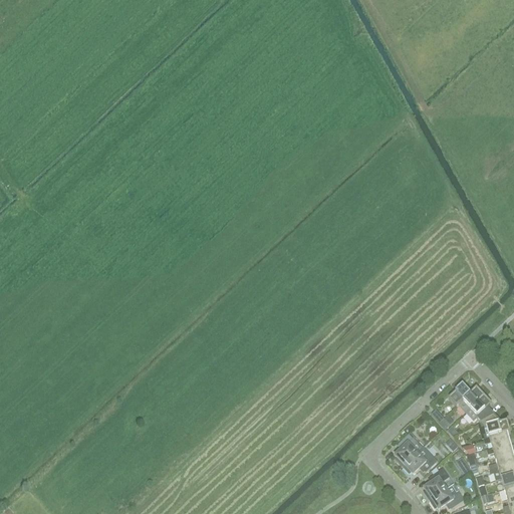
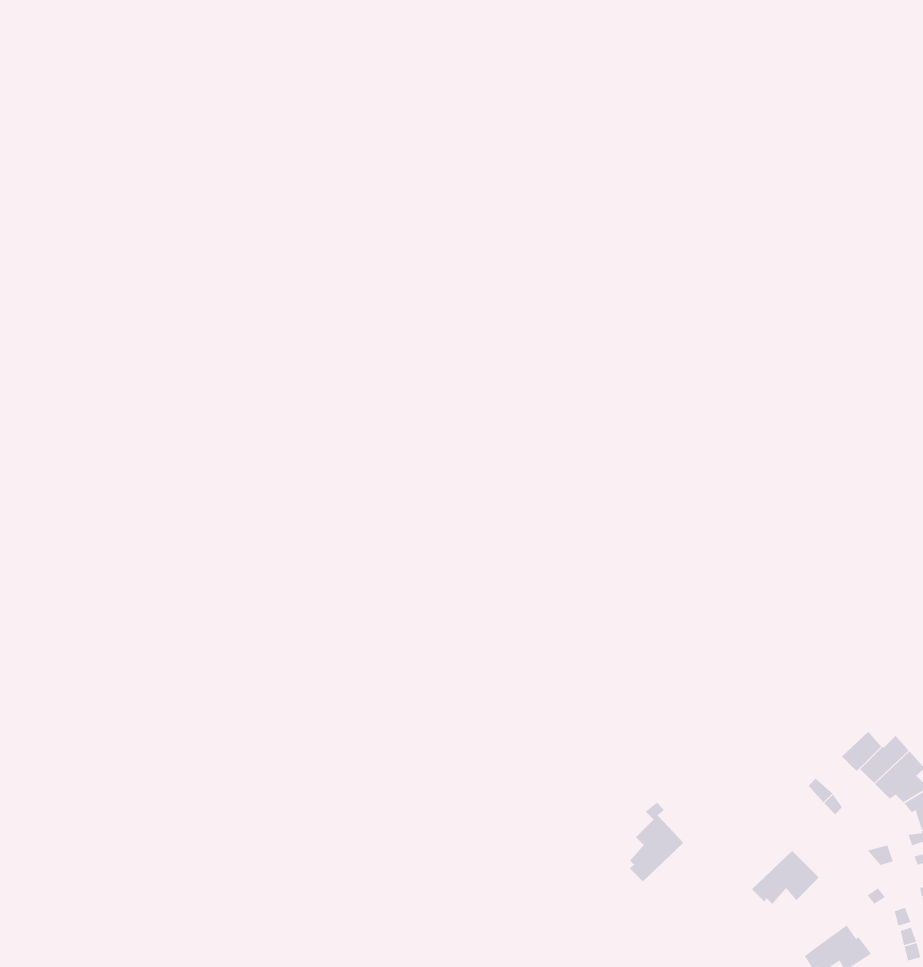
building: [396,424,424,465] -> [629,802,684,882]
building: [424,466,452,499] -> none

